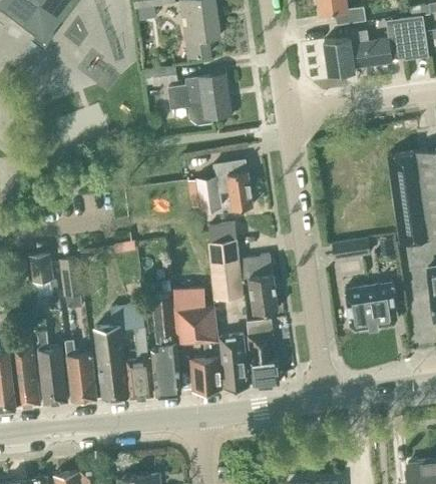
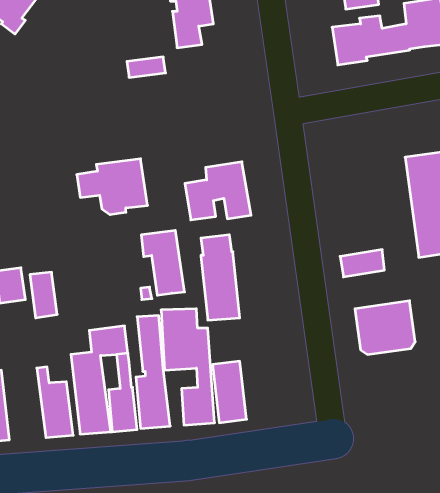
building: [168,74,231,123] -> [77,159,148,215]
building: [240,256,278,313] -> [141,230,185,295]
building: [247,320,279,386] -> none
building: [36,330,68,404] -> none

